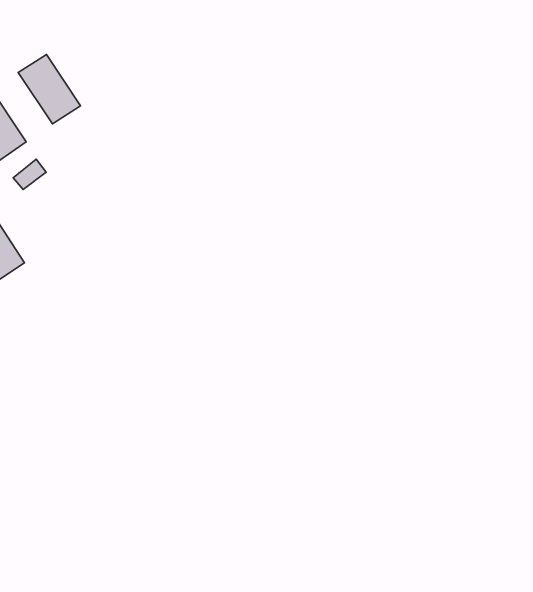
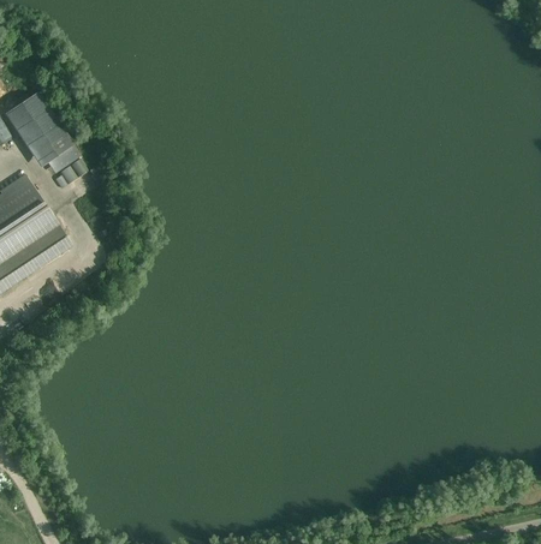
building: [18,54,81,124] -> none

